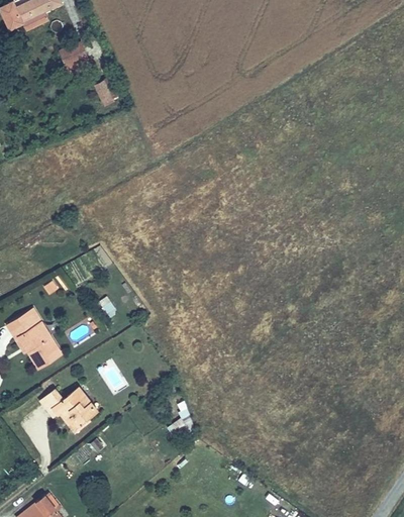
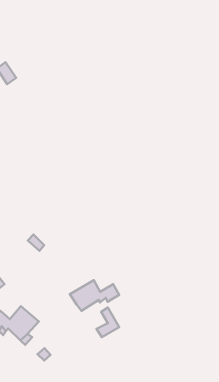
building: none -> [70,280,119,311]

